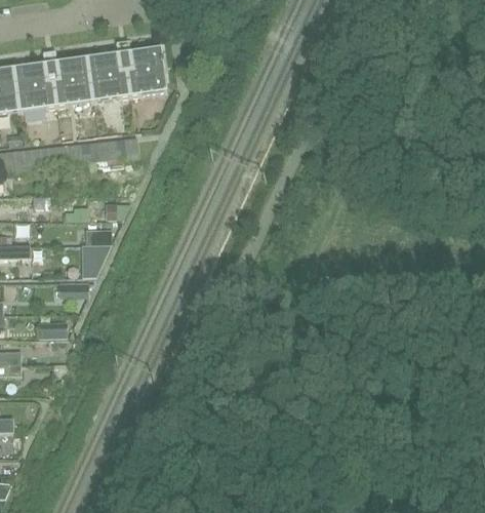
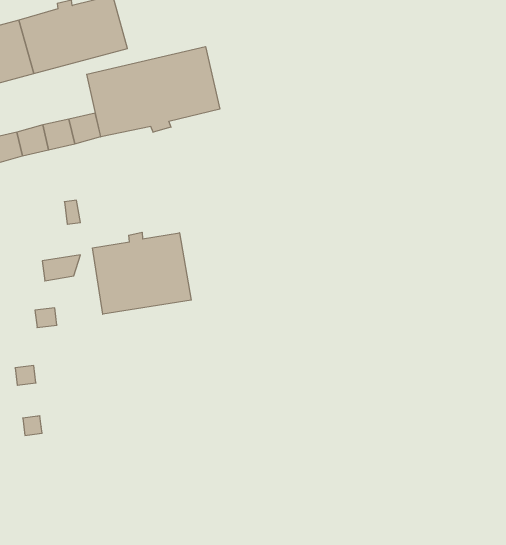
building: none -> [87,47,220,137]
building: none -> [93,232,191,314]

